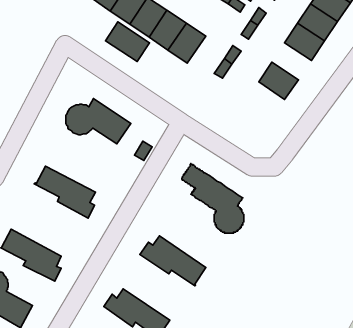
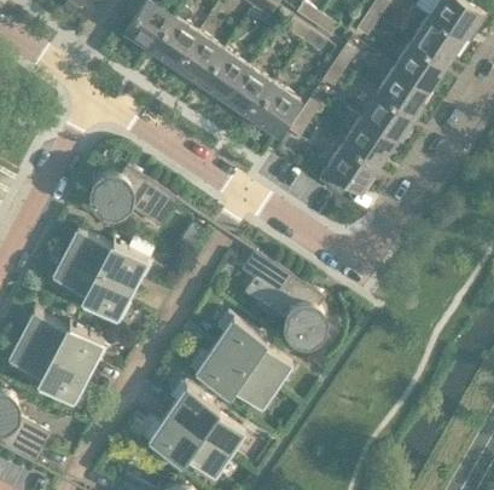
building: [106,22,149,62] -> none
building: none -> [250,86,300,138]
building: none -> [360,94,412,146]
building: none -> [318,145,377,198]
building: none -> [65,230,152,289]
building: none -> [21,312,109,373]
building: none -> [214,313,291,387]
building: none -> [167,382,244,456]

